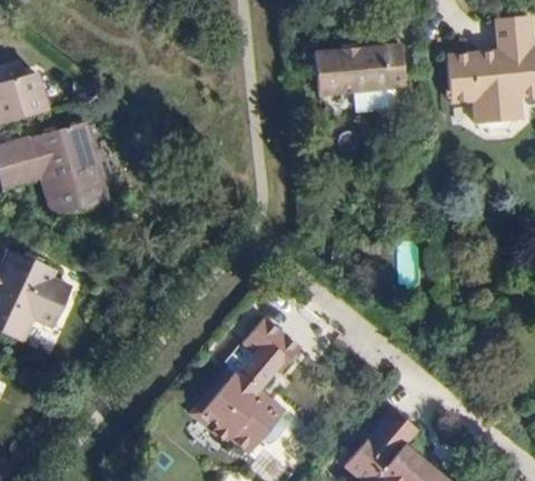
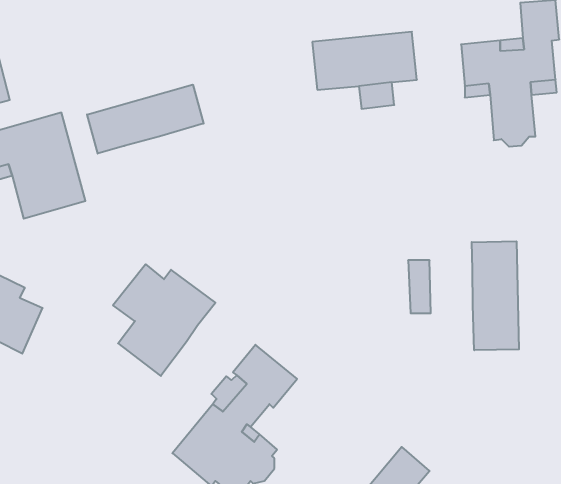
building: none -> [87,85,204,154]
building: none -> [472,241,519,350]
building: none -> [113,264,215,376]

